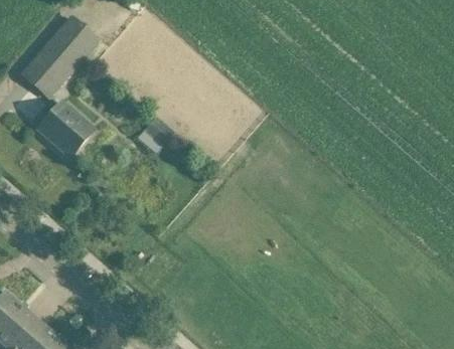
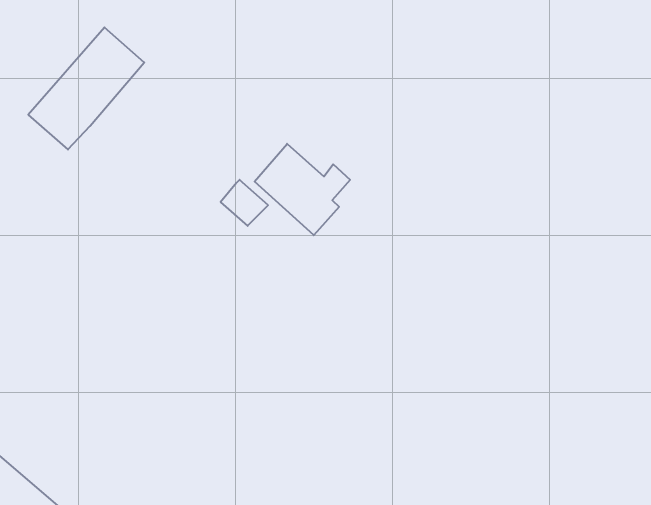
building: none -> [255,144,350,235]
building: [39,109,89,157] -> none

